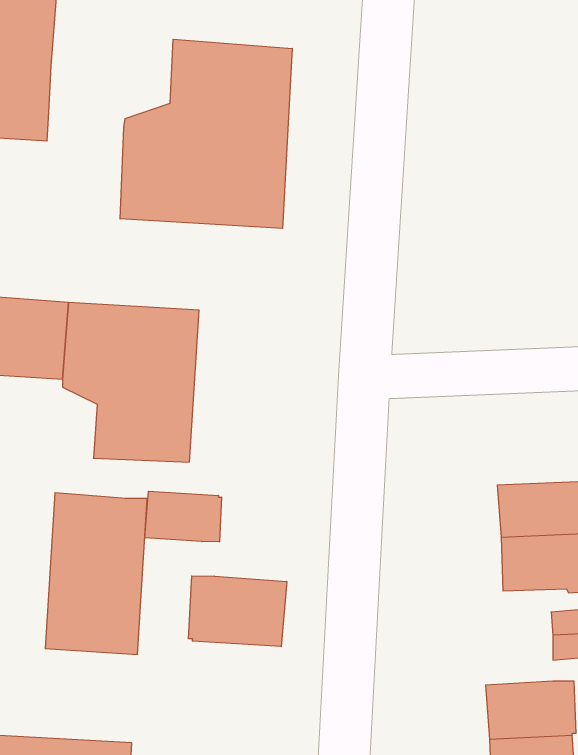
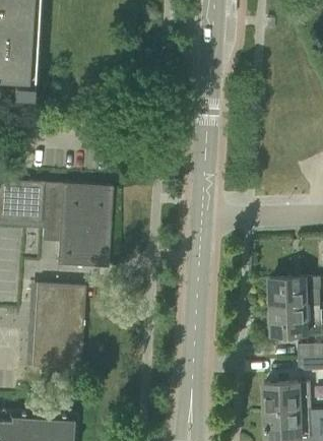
building: [120,39,292,228] -> none
building: [145,491,222,542] -> none
building: [188,576,287,647] -> none

